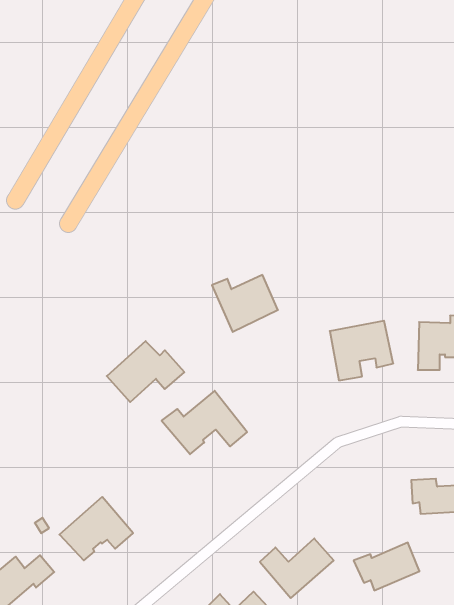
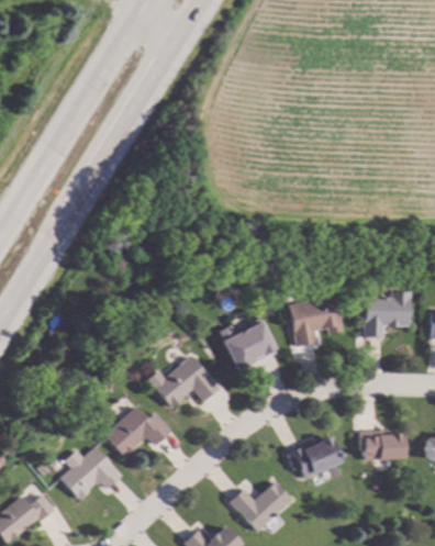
building: [212,275,278,332] -> [220,322,276,370]
building: [107,341,184,402] -> [104,404,170,456]
building: [354,543,420,590] -> [286,436,342,477]

